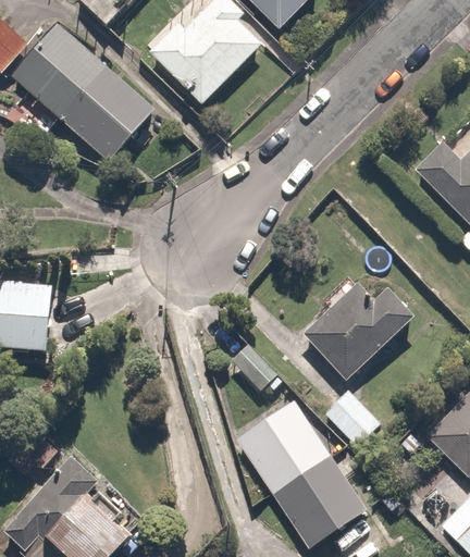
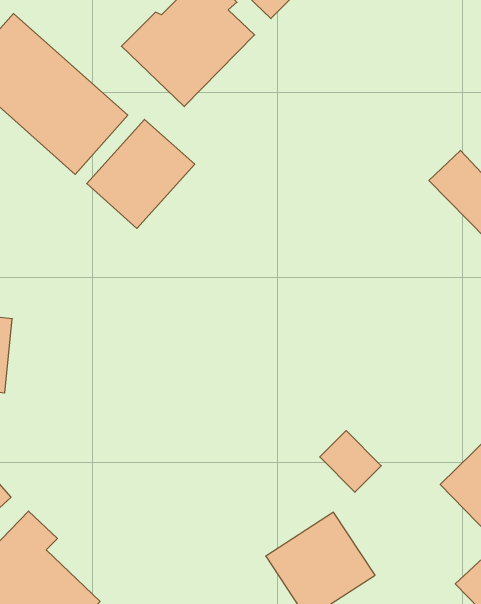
building: none -> [87,119,195,228]
building: [305,284,418,381] -> none
building: [237,400,333,494] -> none

